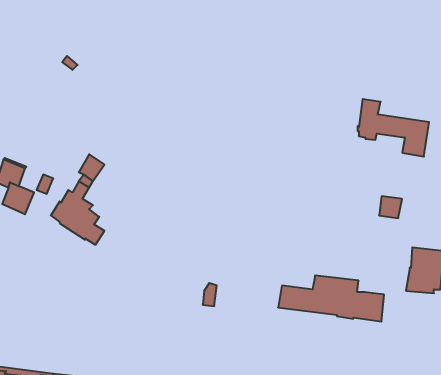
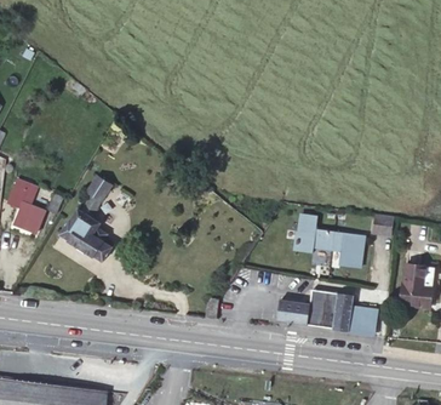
building: [358,99,429,157] -> [296,213,363,268]

